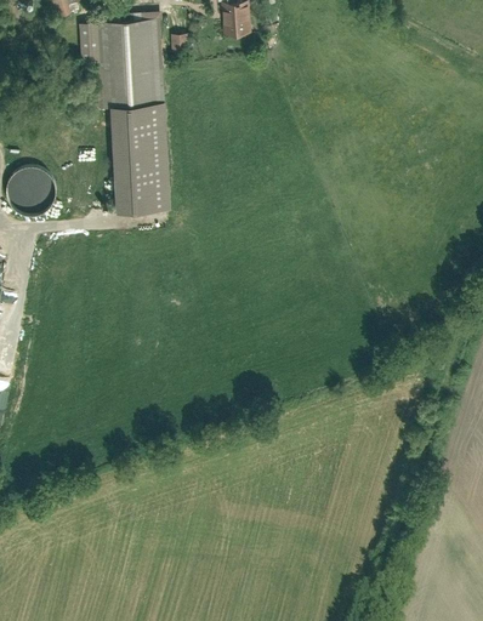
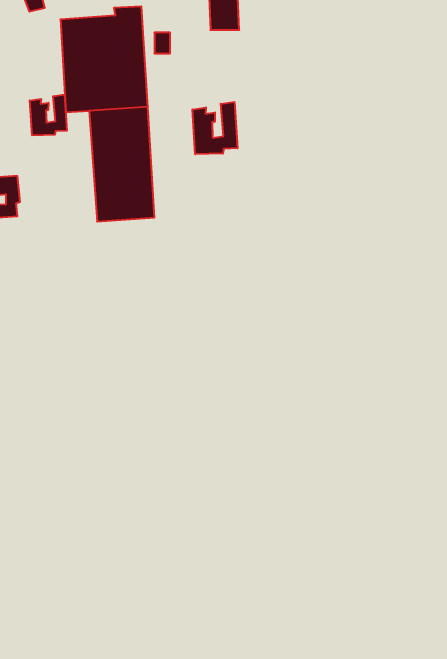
building: none -> [30,95,67,135]
building: none -> [192,102,237,154]

